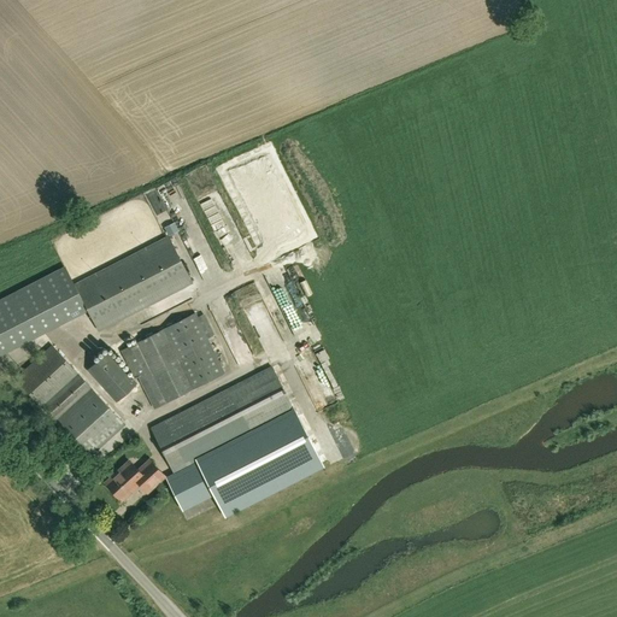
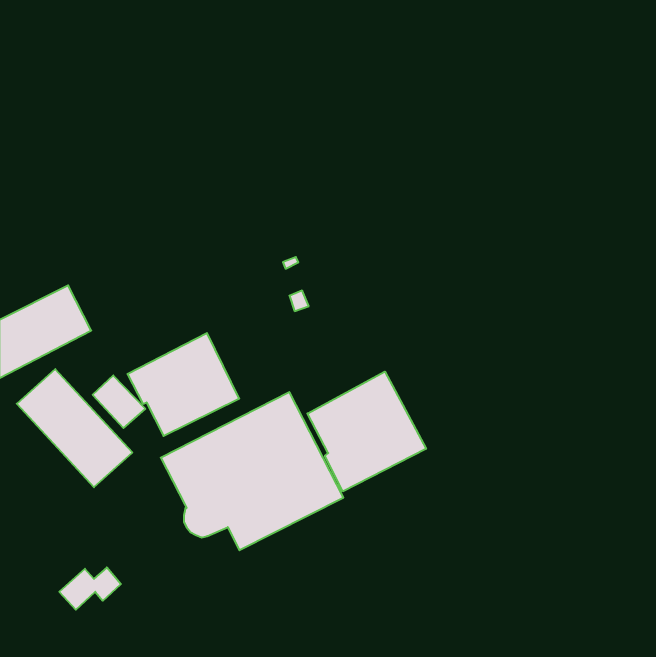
building: [76,239,189,329] -> none
building: none -> [307,372,426,491]
building: [105,460,163,500] -> [59,567,121,610]

